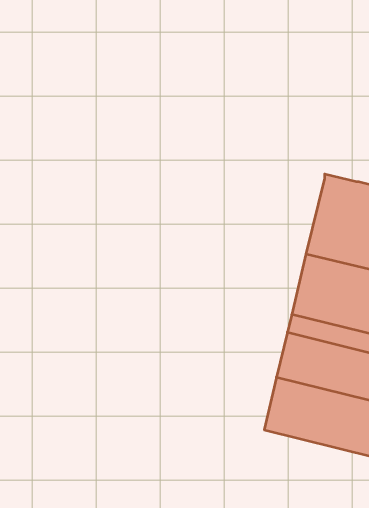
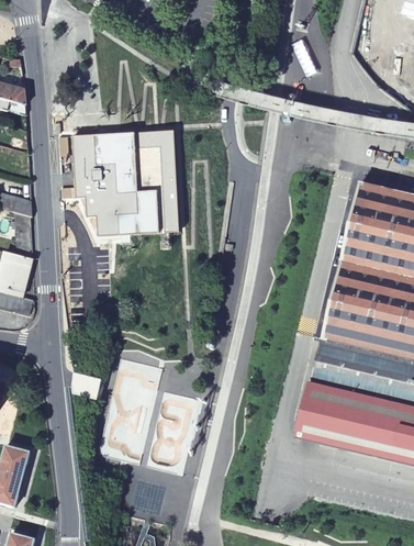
building: none -> [75,129,180,234]

